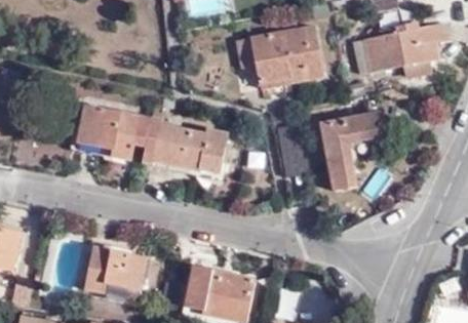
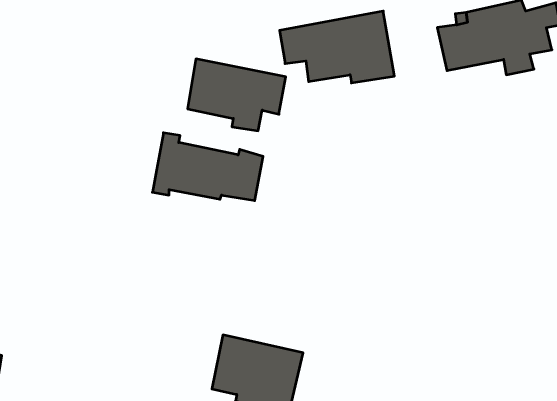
building: [78,104,151,157] -> [188,59,286,131]
building: [319,112,390,184] -> none
building: [84,246,145,291] -> none

